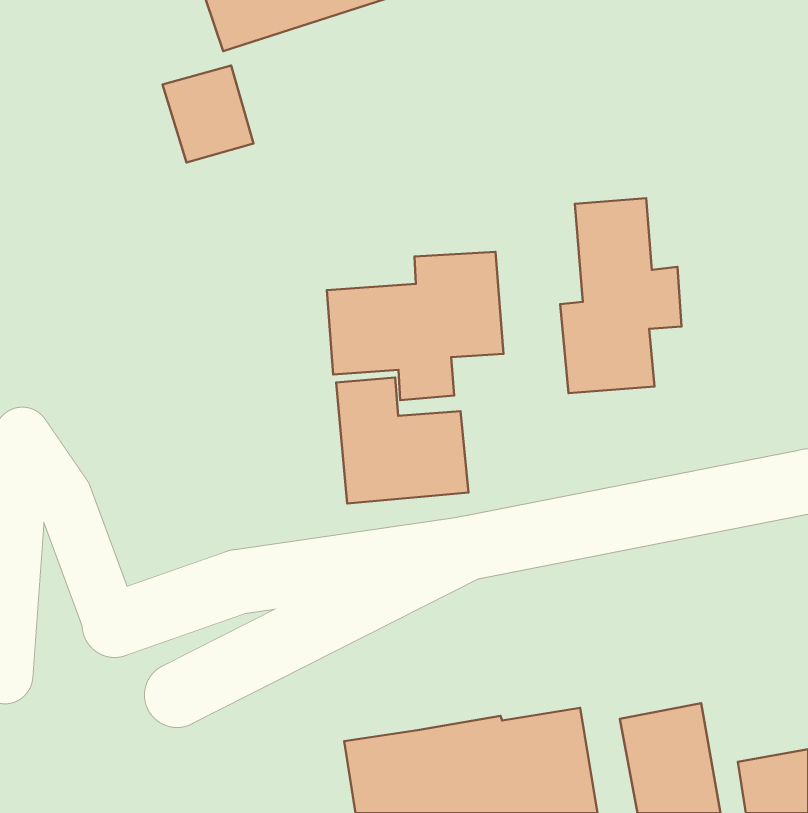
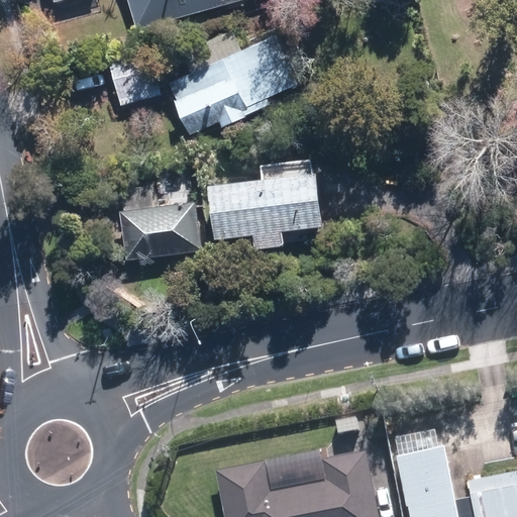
building: none -> [168,35,298,131]
building: [560,198,682,393] -> none
building: [336,378,468,504] -> [115,182,199,262]

